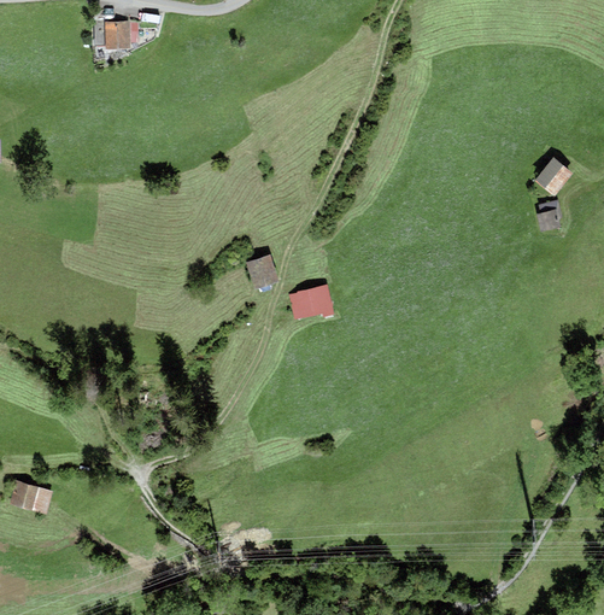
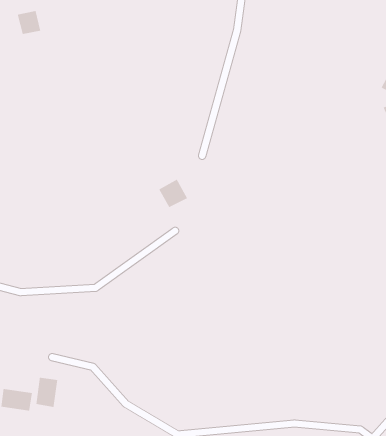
building: [287,283,334,320] -> none
building: none -> [36,377,58,408]

